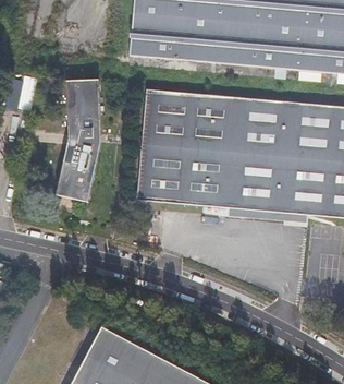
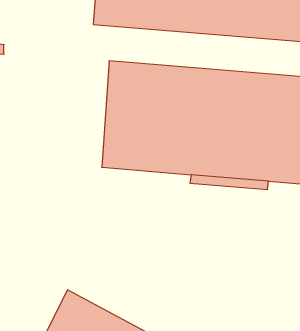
building: [58,84,96,199] -> none

